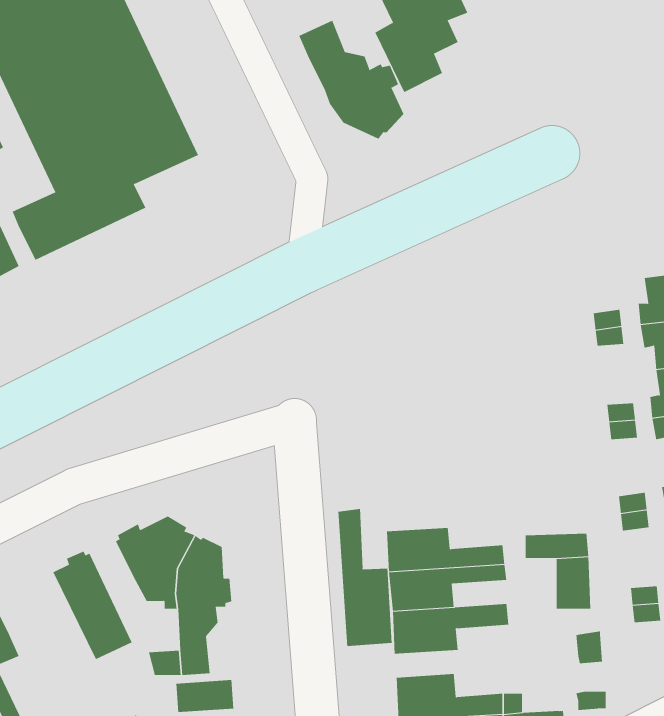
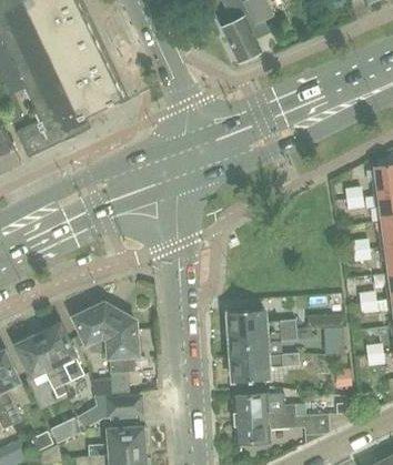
building: [298,20,404,139] -> none
building: [338,508,392,647] -> none
building: none -> [16,335,67,398]

